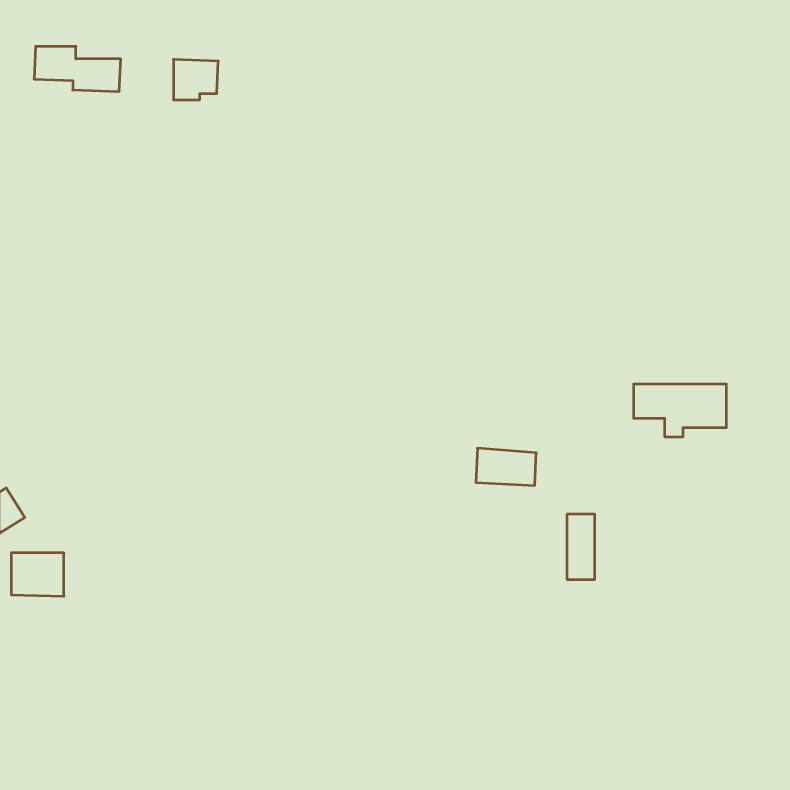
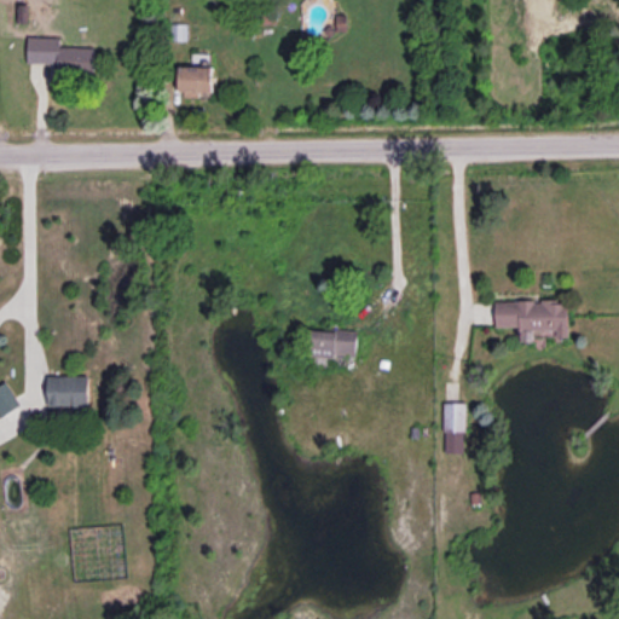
building: [173,59,218,100] -> [178,66,213,98]
building: [476,448,536,485] -> [310,329,357,358]
building: [11,553,64,596] -> [47,376,88,410]

